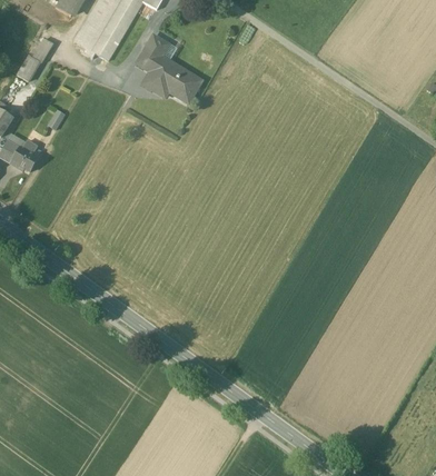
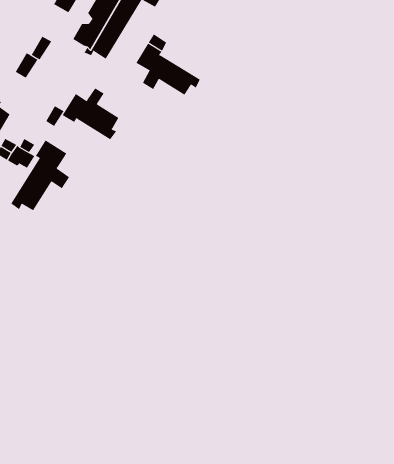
building: none -> [62,87,119,140]
building: none -> [10,140,70,211]

